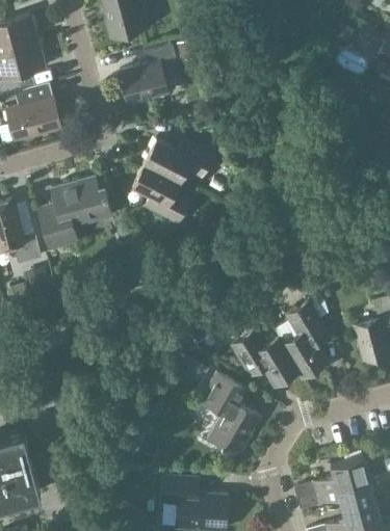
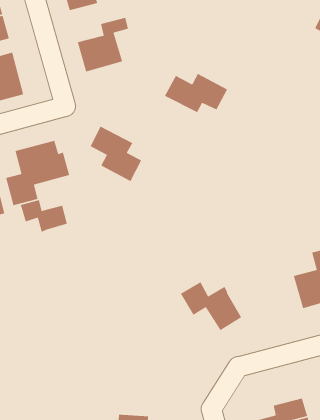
building: [145,138,214,182] -> [164,73,228,113]
building: none -> [20,199,68,233]
building: [283,303,328,377] -> none
building: [200,372,259,454] -> none

